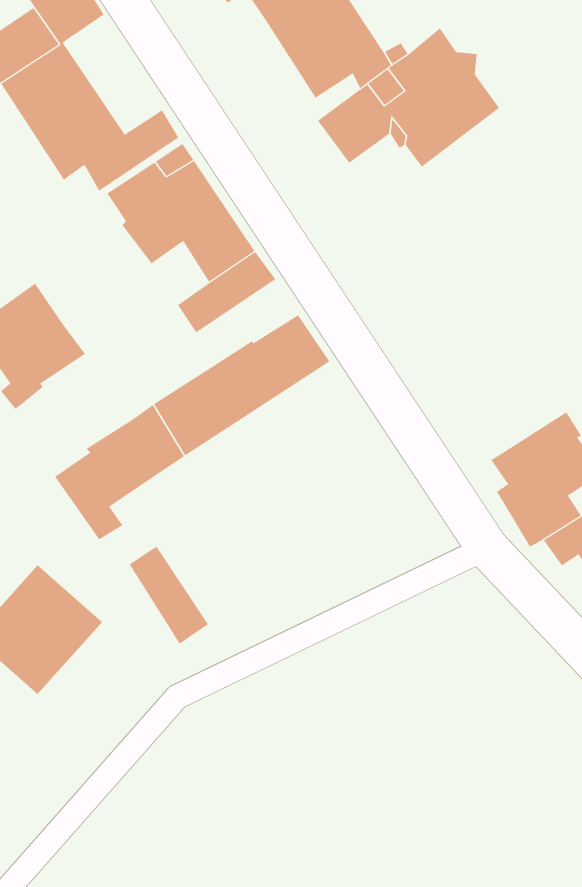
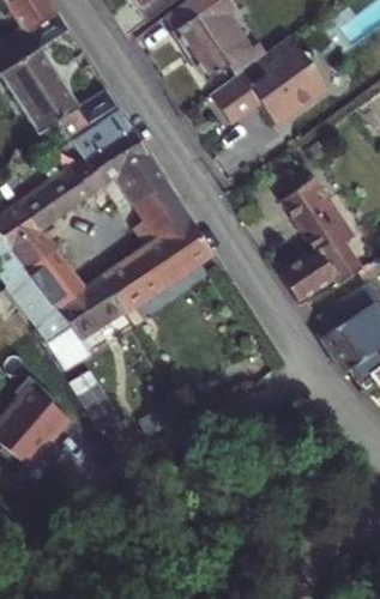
building: none -> [25,164,99,228]
building: none -> [279,177,361,298]
building: none -> [128,199,194,254]
building: none -> [12,247,88,321]

